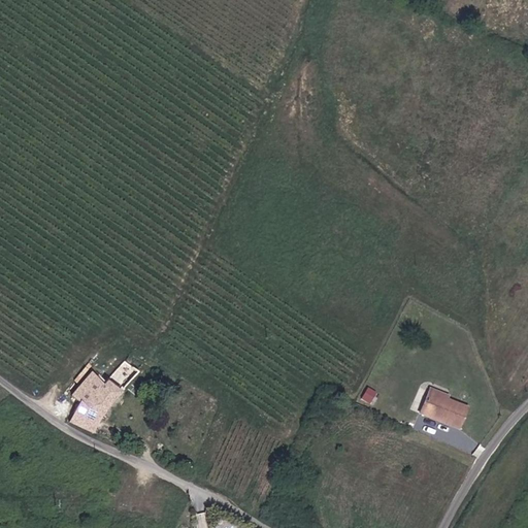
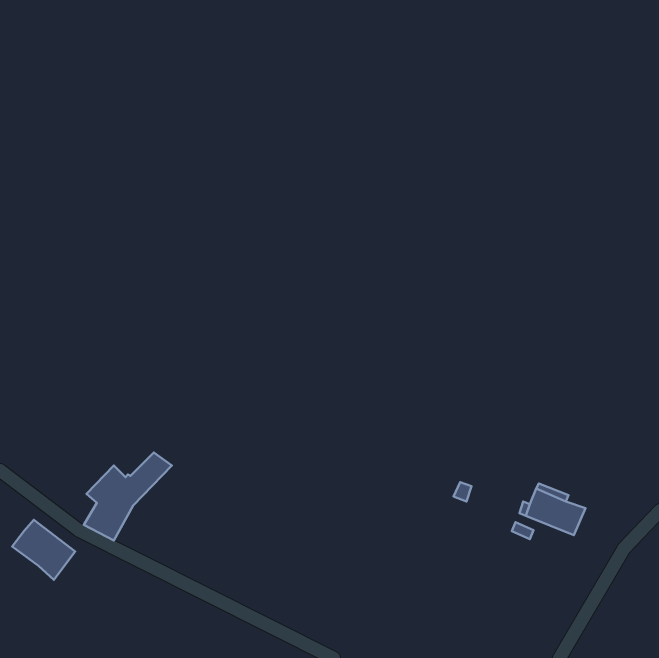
building: none -> [12,520,75,580]

